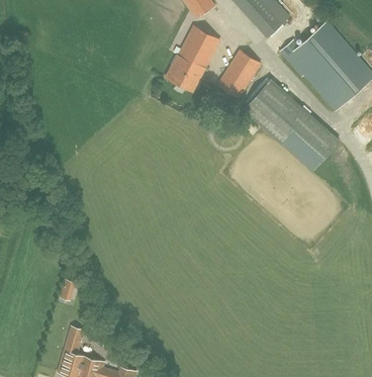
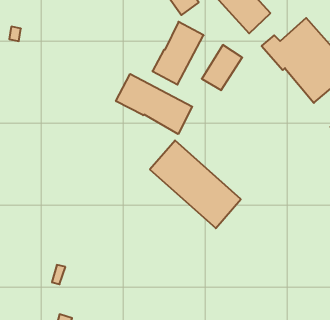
building: [244,79,339,171] -> [150,140,241,228]
building: none -> [116,74,192,134]

